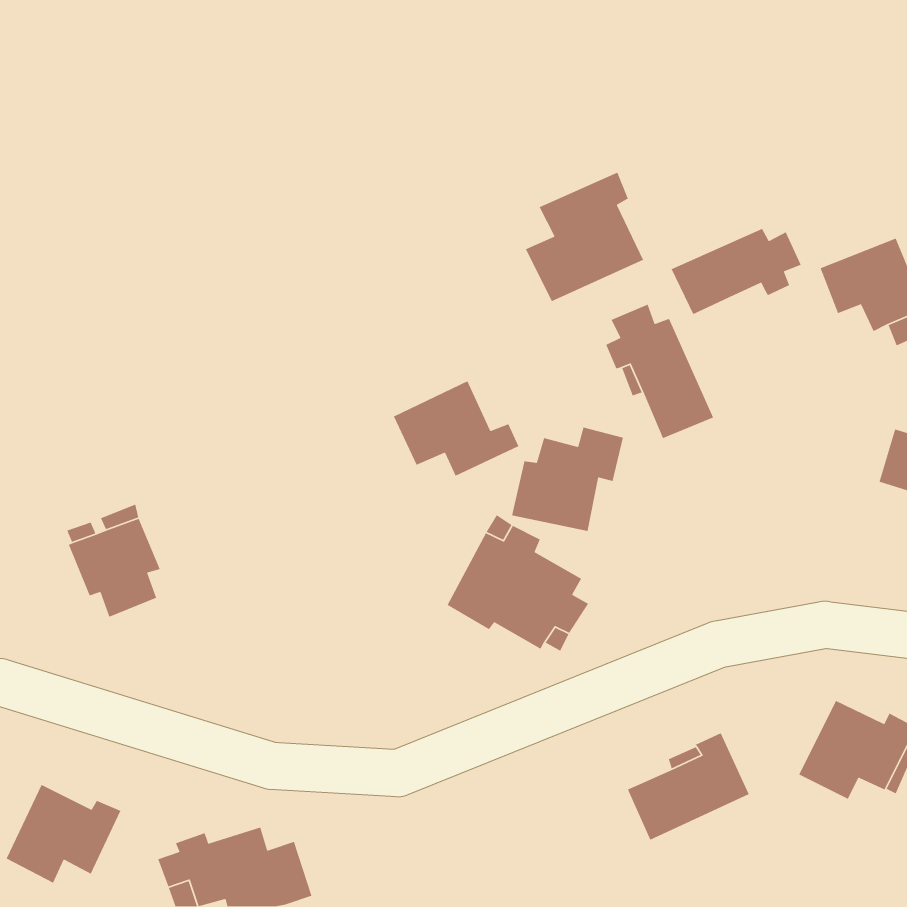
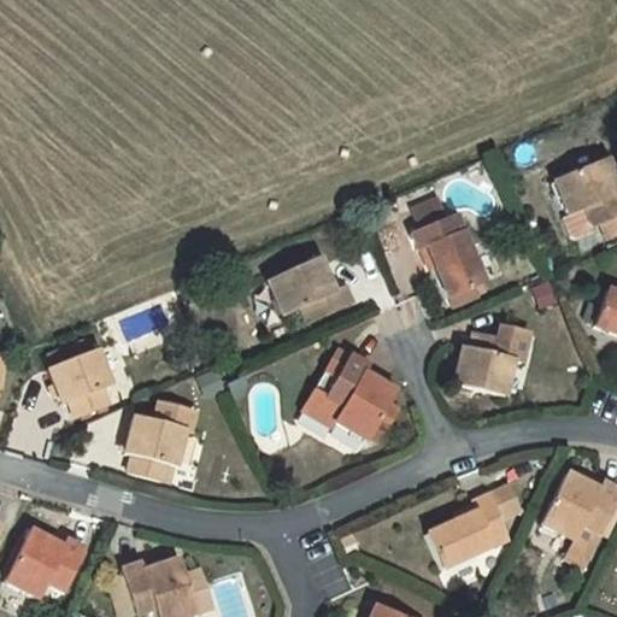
building: [525,171,644,302] -> none
building: [670,228,802,315] -> none
building: [511,426,624,532] -> [454,324,530,395]
building: none -> [127,401,196,481]

